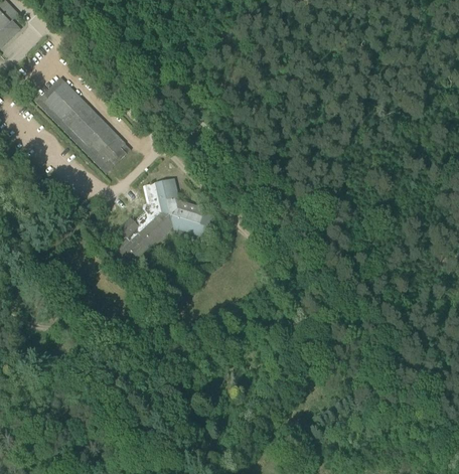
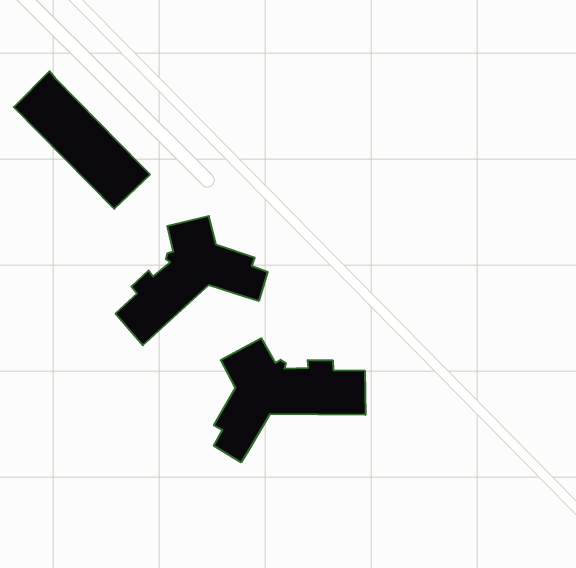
building: none -> [214,338,365,462]

